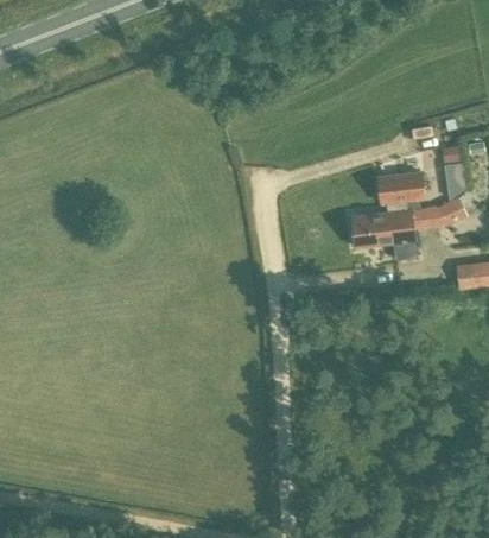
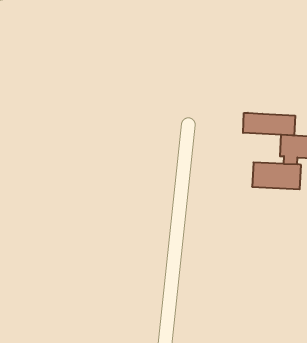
building: none -> [243,113,295,136]

